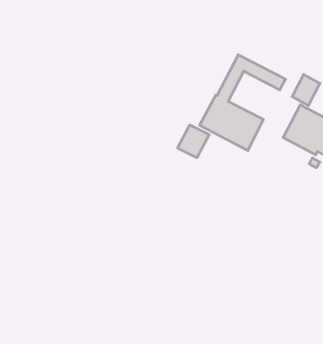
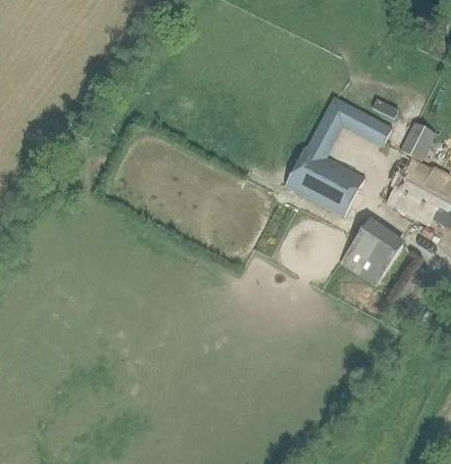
building: [178,125,209,158] -> none
building: none -> [342,221,403,285]

